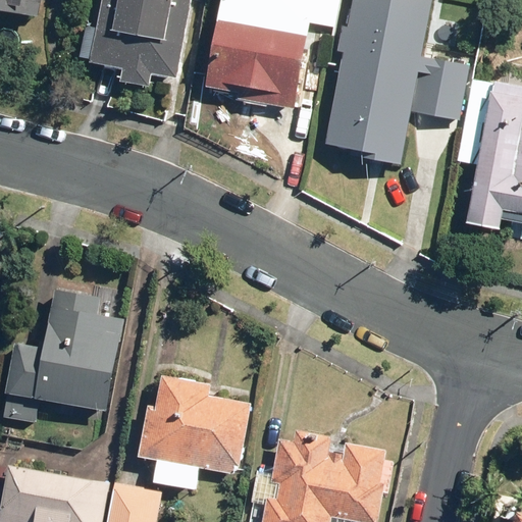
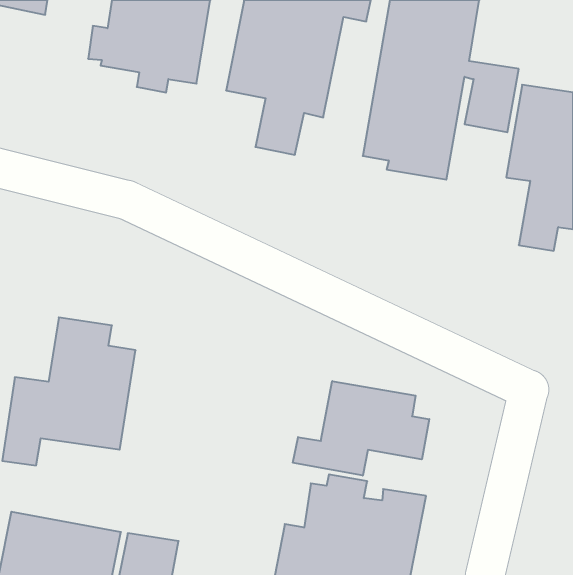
building: none -> [293,381,429,476]
building: [140,375,251,488] -> none

